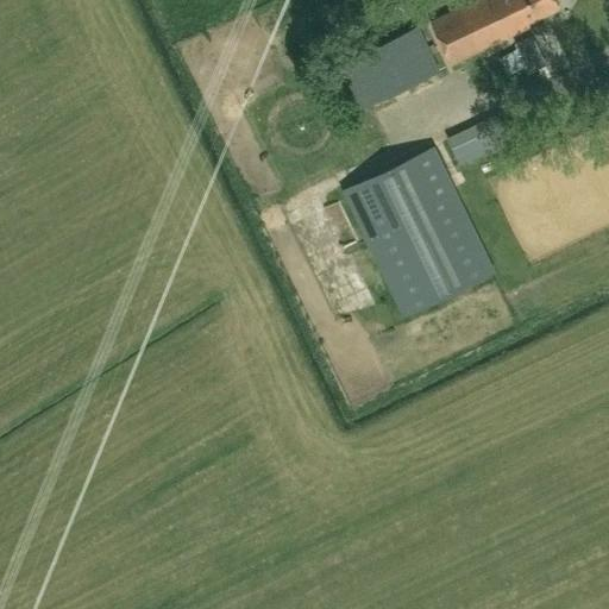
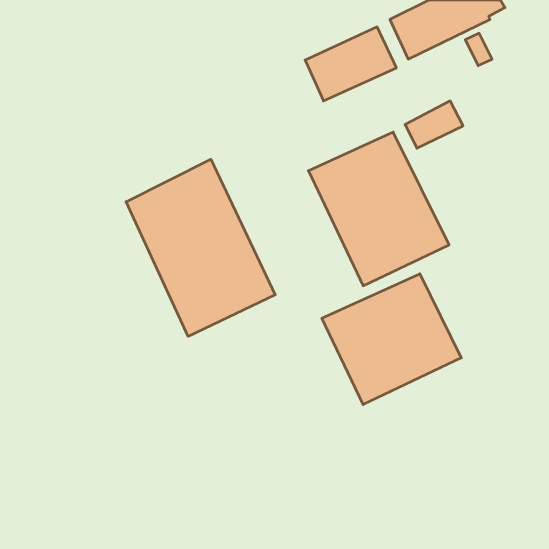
building: none -> [126,159,275,336]
building: none -> [322,274,461,405]

